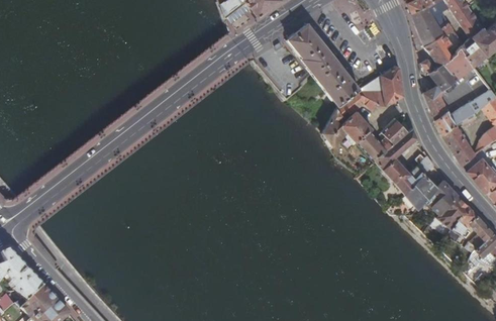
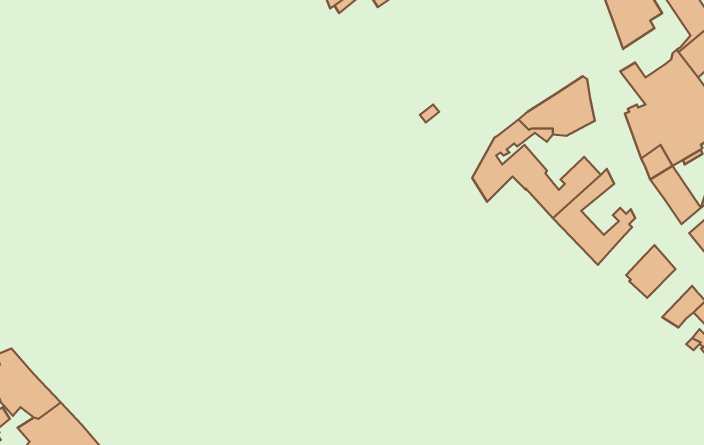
building: [424,22,454,66] -> none
building: [288,23,359,105] -> none
building: [405,172,437,208] -> none
building: [436,195,470,227] -> none

